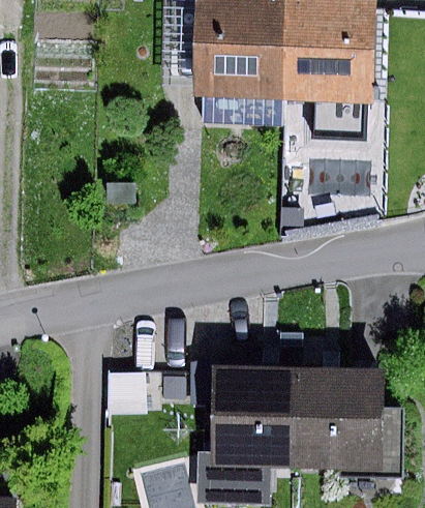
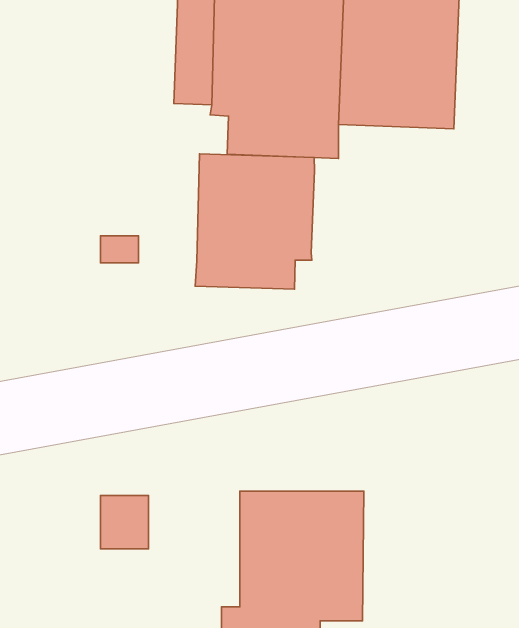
building: none -> [195,154,314,289]
building: [304,368,384,465] -> none

